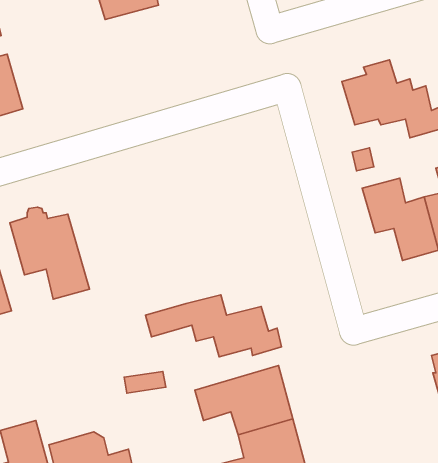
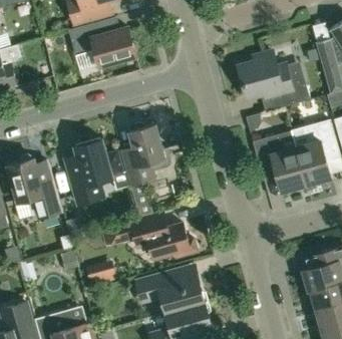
building: none -> [68,22,138,66]
building: none -> [120,122,172,186]
building: none -> [64,139,122,204]

